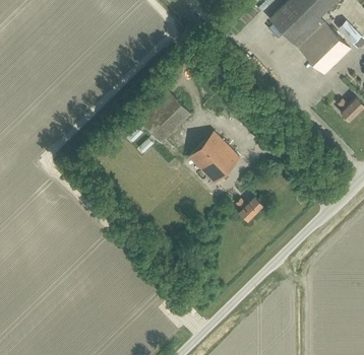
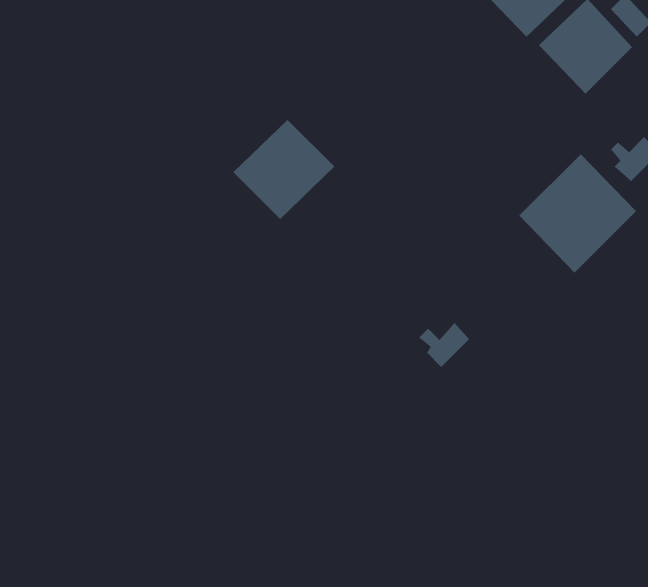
building: none -> [519,153,637,273]
building: [188,132,239,184] -> none

